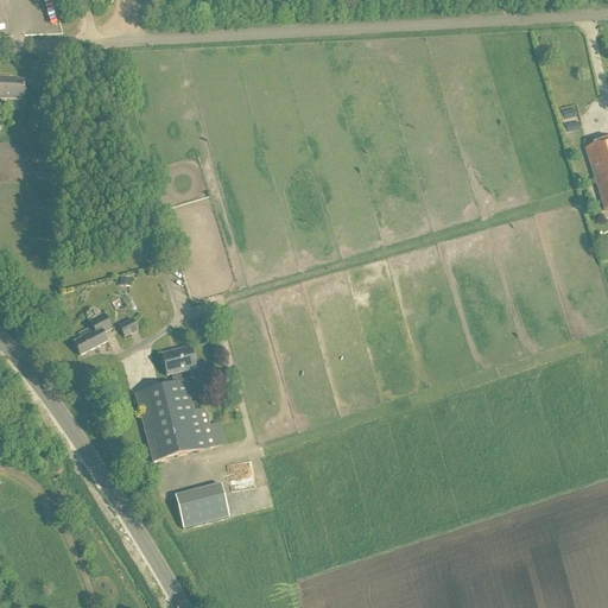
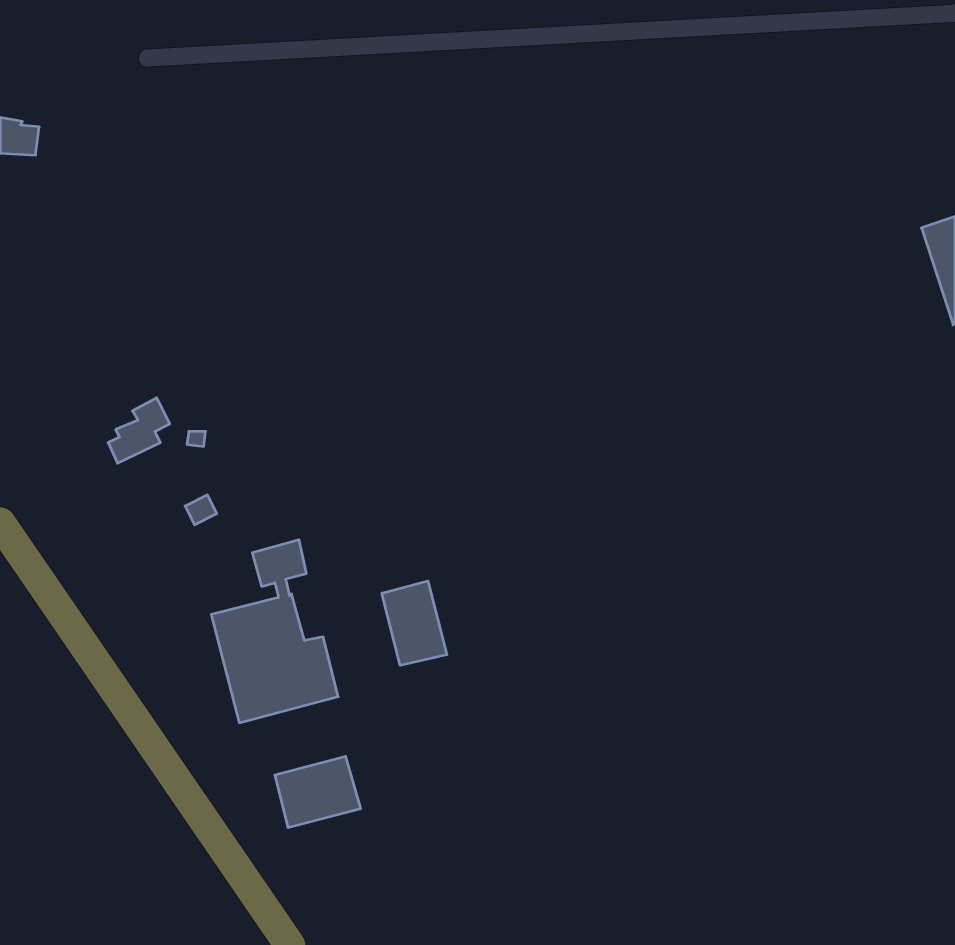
building: [74,310,113,352] -> [108,398,170,463]
building: none -> [382,581,447,665]

